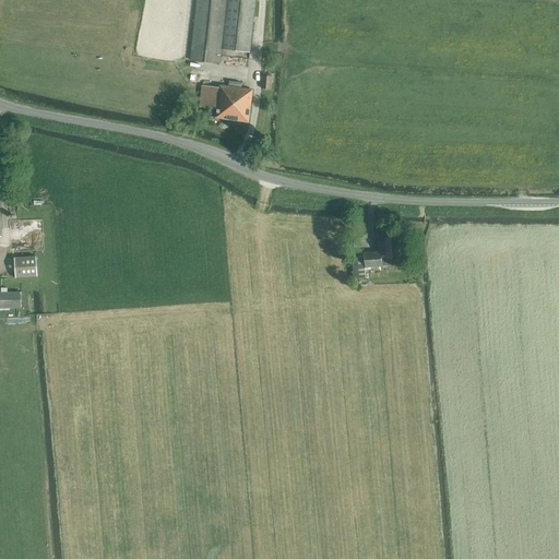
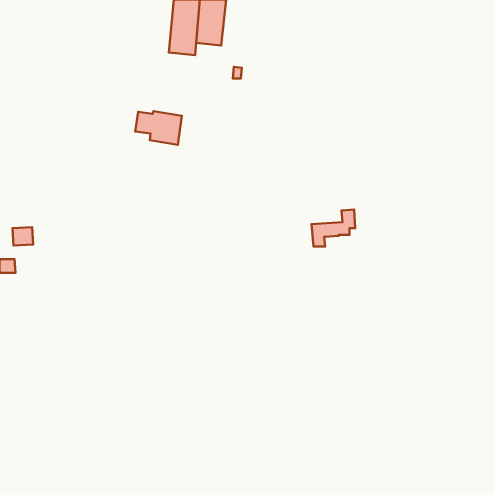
building: [200,84,252,122] -> [135,111,182,145]

